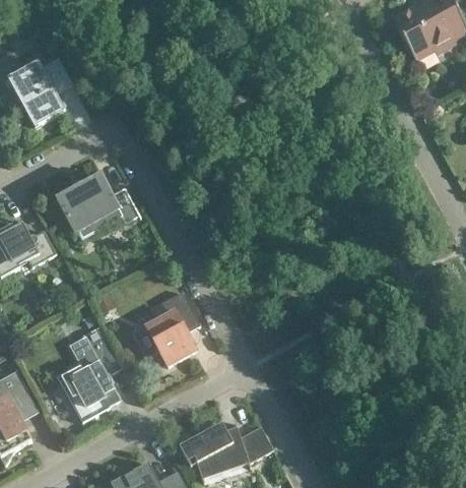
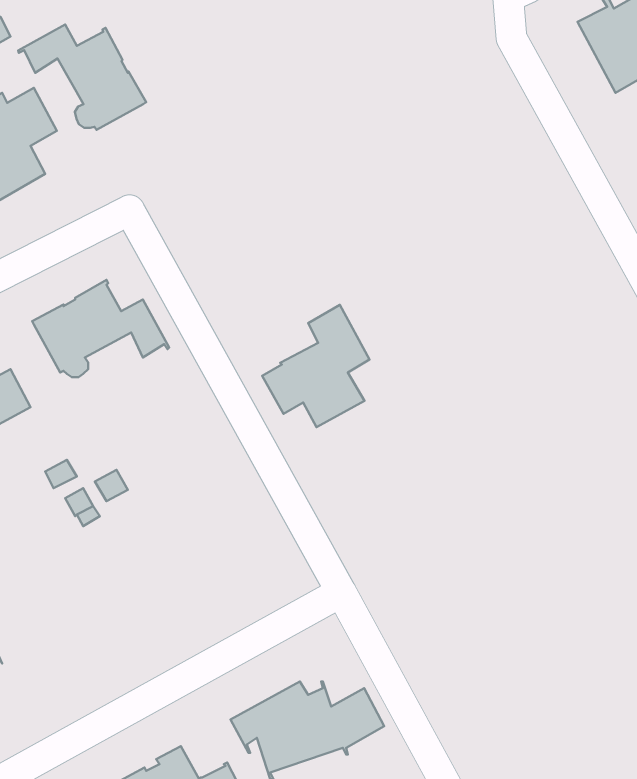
building: none -> [18,25,146,130]
building: [134,291,200,366] -> [262,305,369,427]
building: [70,329,119,416] -> none

